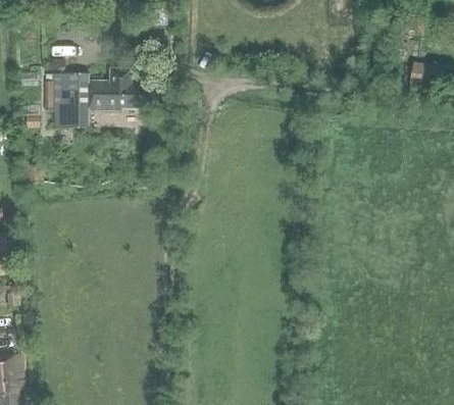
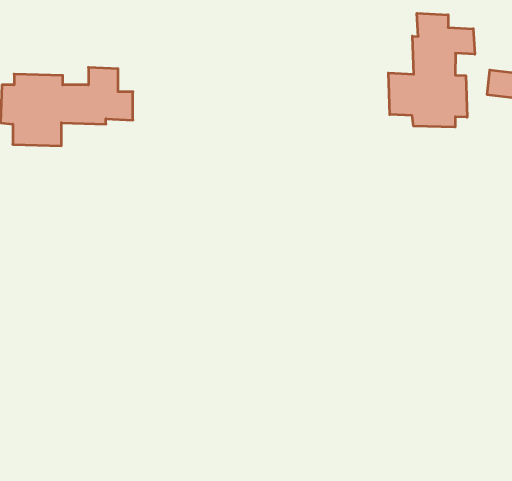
building: none -> [388,13,475,127]

